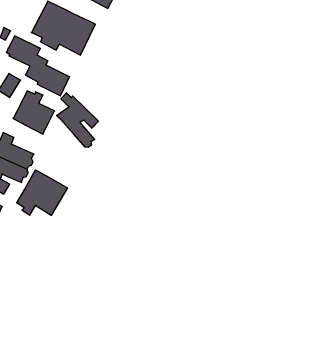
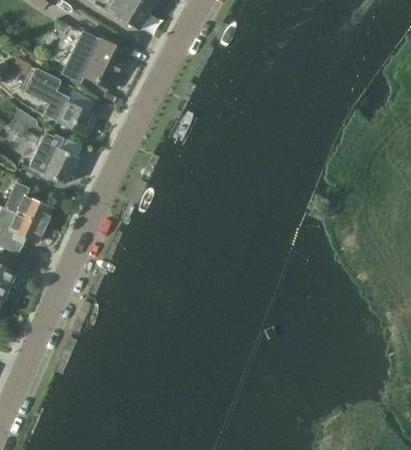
building: [57,93,98,147] -> none
building: [17,170,67,215] -> none

